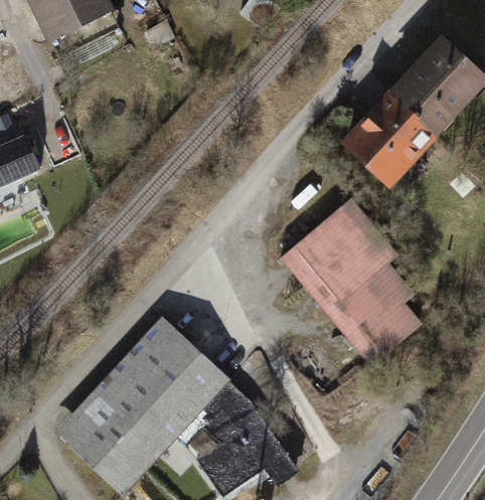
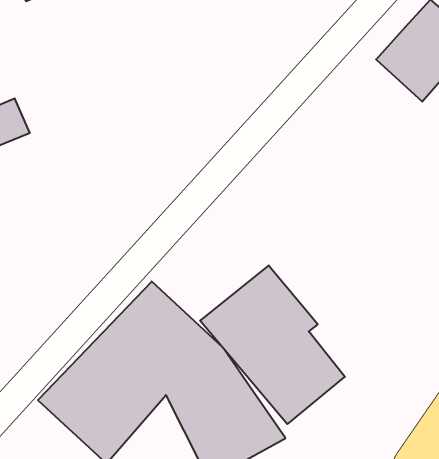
building: [347,92,437,186] -> none
building: [280,205,425,364] -> [200,265,345,424]

